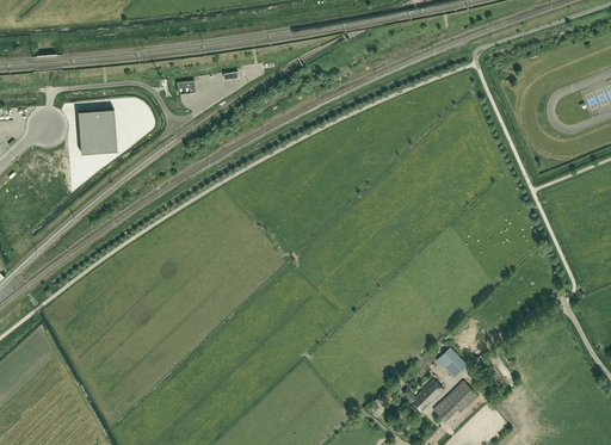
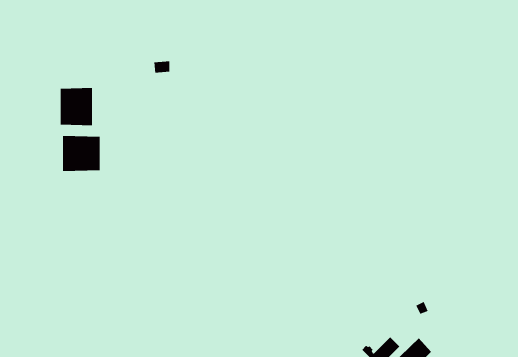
building: none -> [63,135,100,172]
building: [436,347,469,381] -> none

